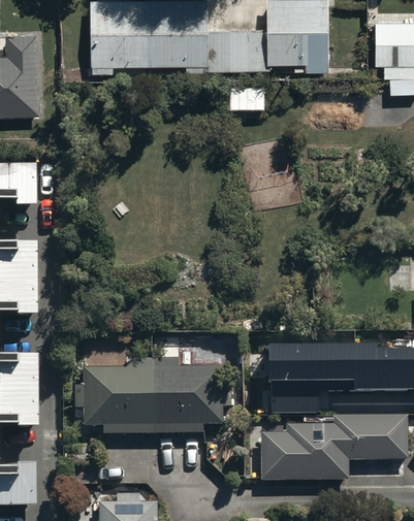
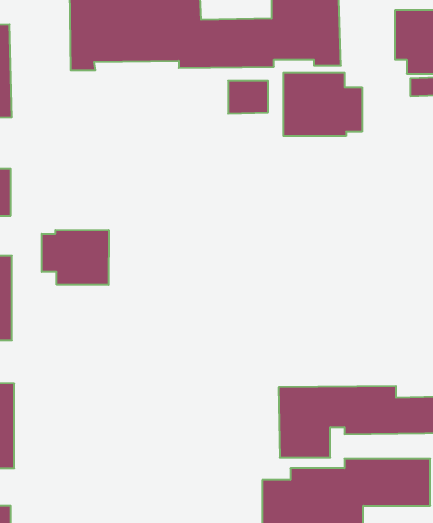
building: none -> [283,73,362,136]
building: none -> [42,230,109,285]
building: [72,365,230,434] -> none

